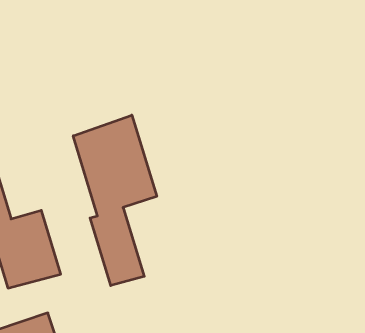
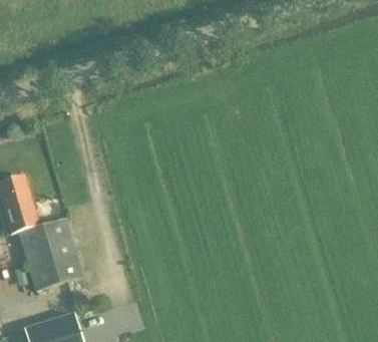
building: [73,115,157,286] -> none

